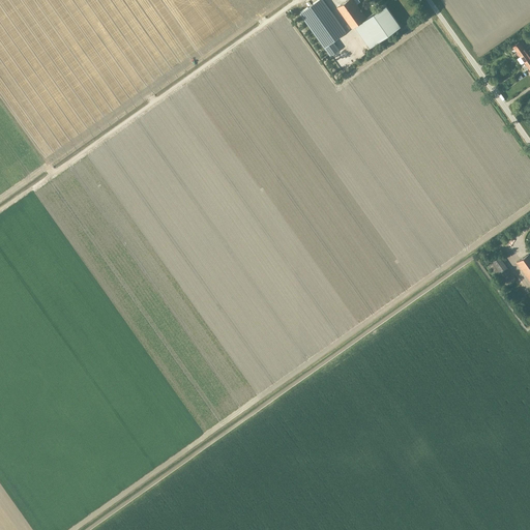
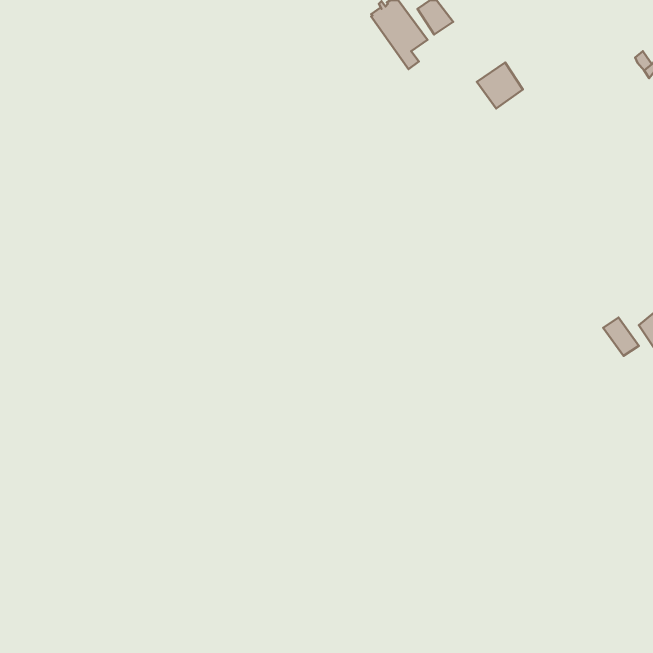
building: [363,6,401,43] -> [477,63,523,109]

